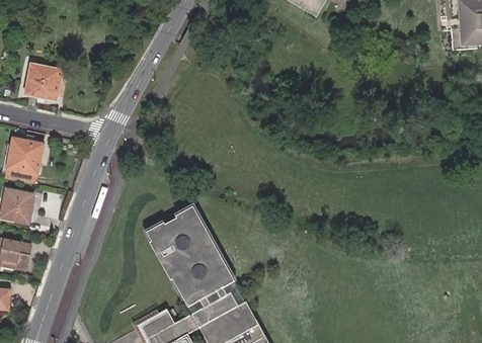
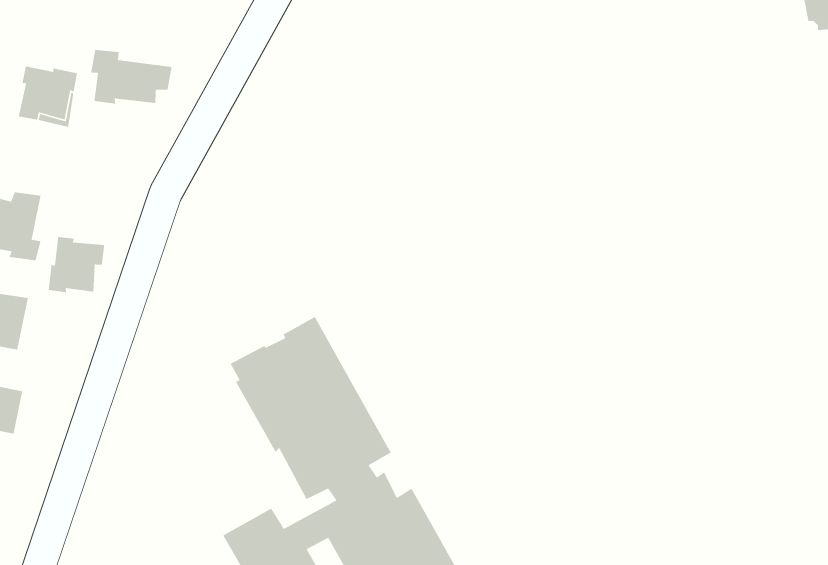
building: none -> [90,49,173,104]
building: none -> [48,236,105,293]

